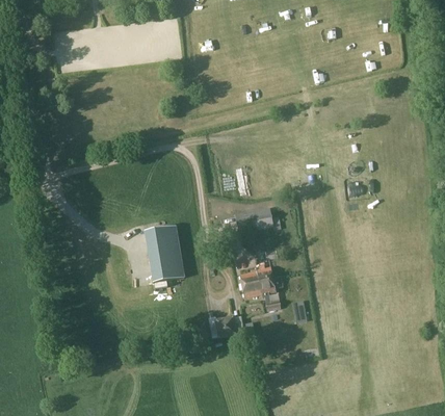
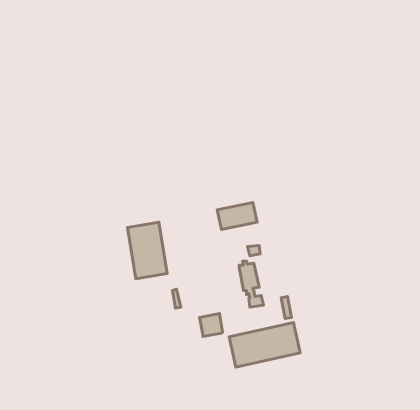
building: [238,270,259,296] -> none
building: none -> [229,322,300,367]

